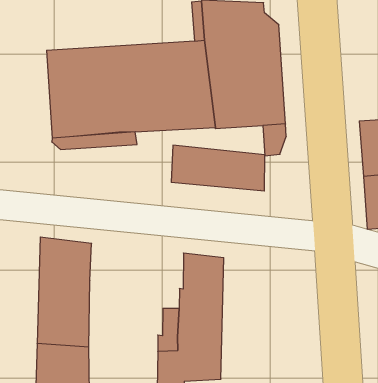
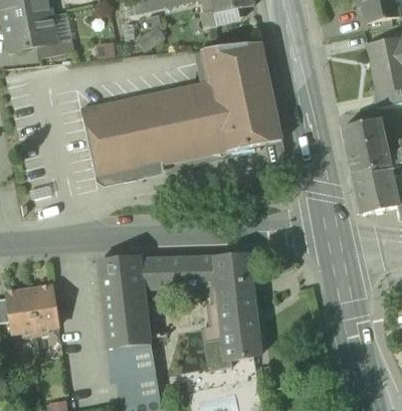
building: [171,145,265,191] -> [140,255,219,288]

